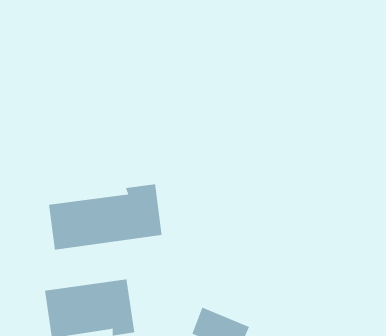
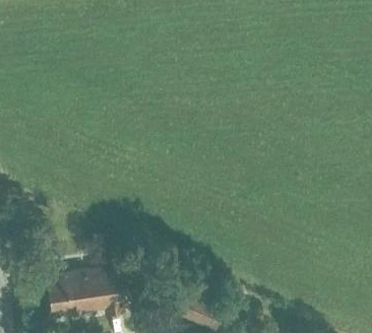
building: [48,183,162,251] -> none

